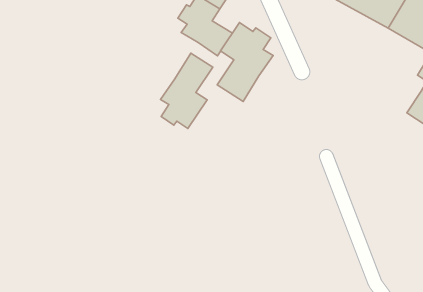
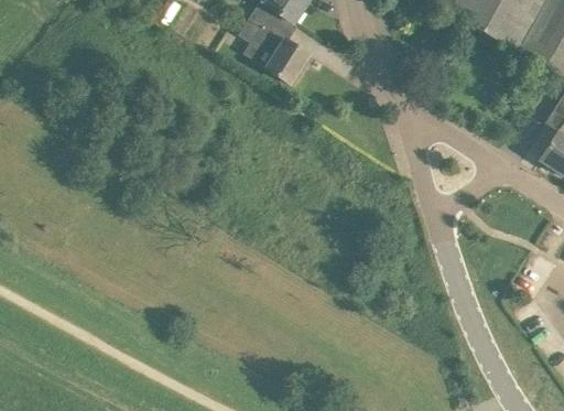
building: [217,23,273,101] -> none
building: [160,53,213,129] -> none

